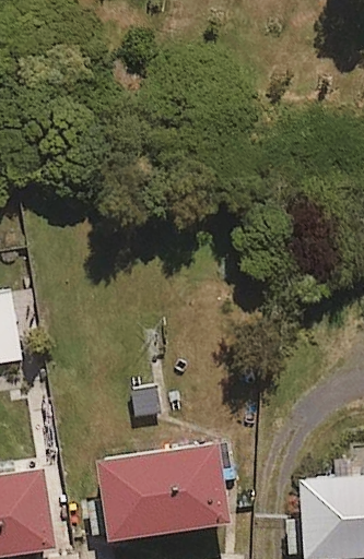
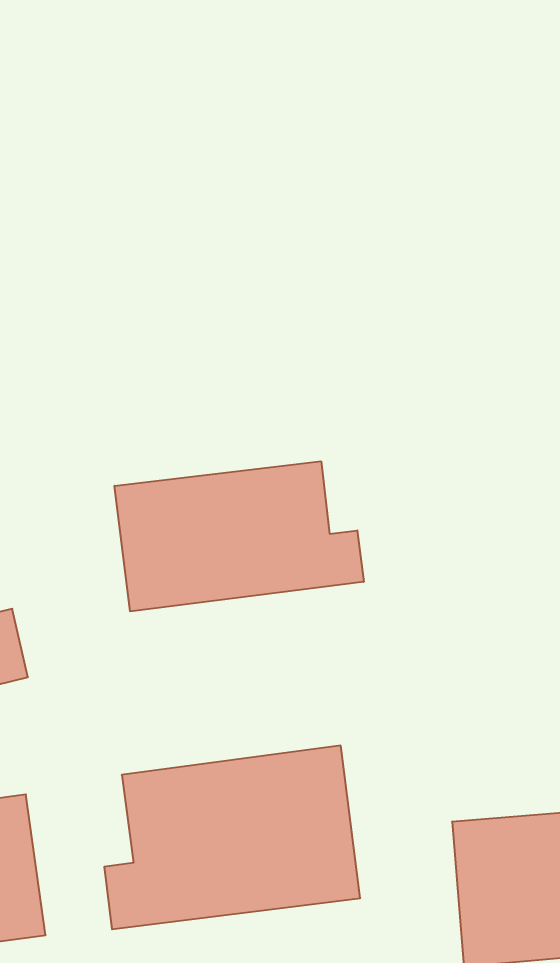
building: none -> [115,461,364,611]

